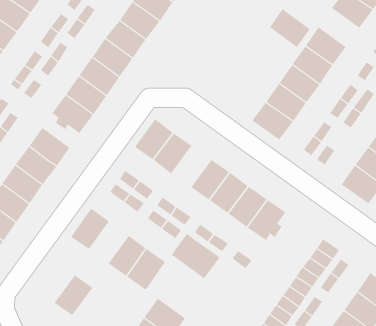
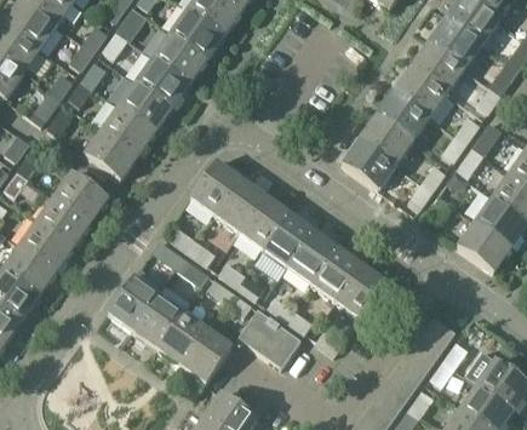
building: [269,9,310,48] -> [428,17,481,68]
building: none -> [239,195,290,248]
building: [54,275,93,316] -> [132,293,183,346]

